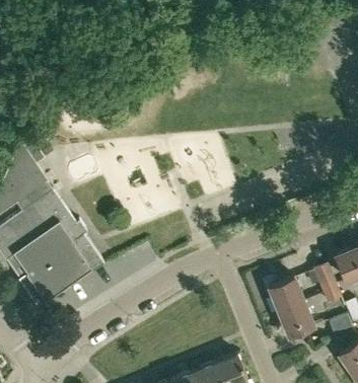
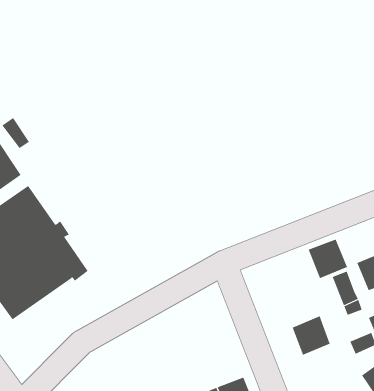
building: [269,278,303,312] -> [308,239,348,279]

